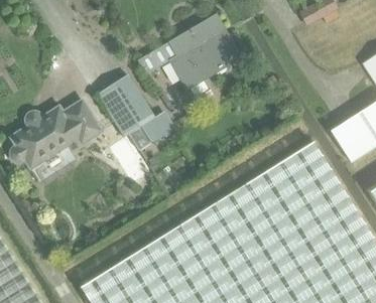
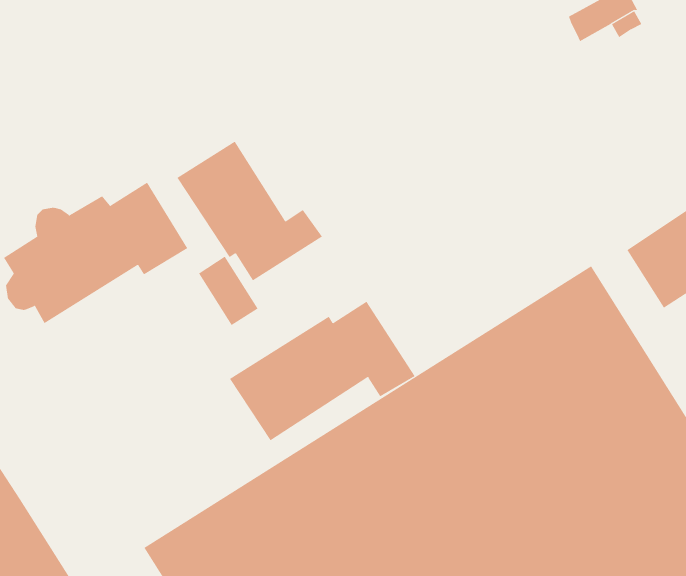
building: [138,13,243,91] -> none
building: none -> [229,301,416,441]

